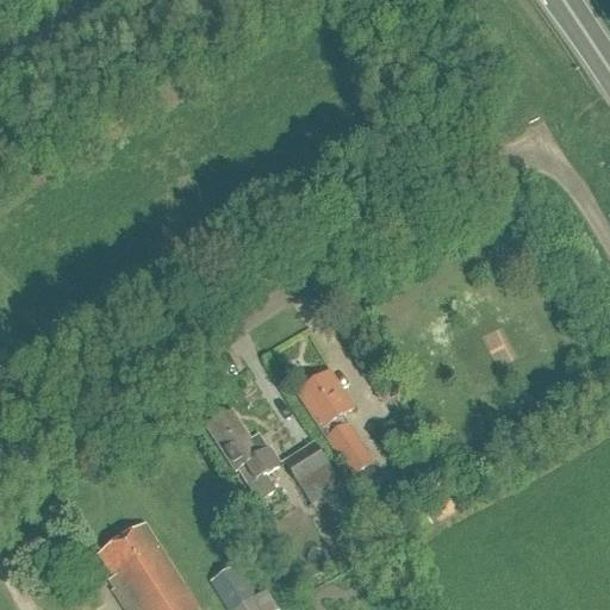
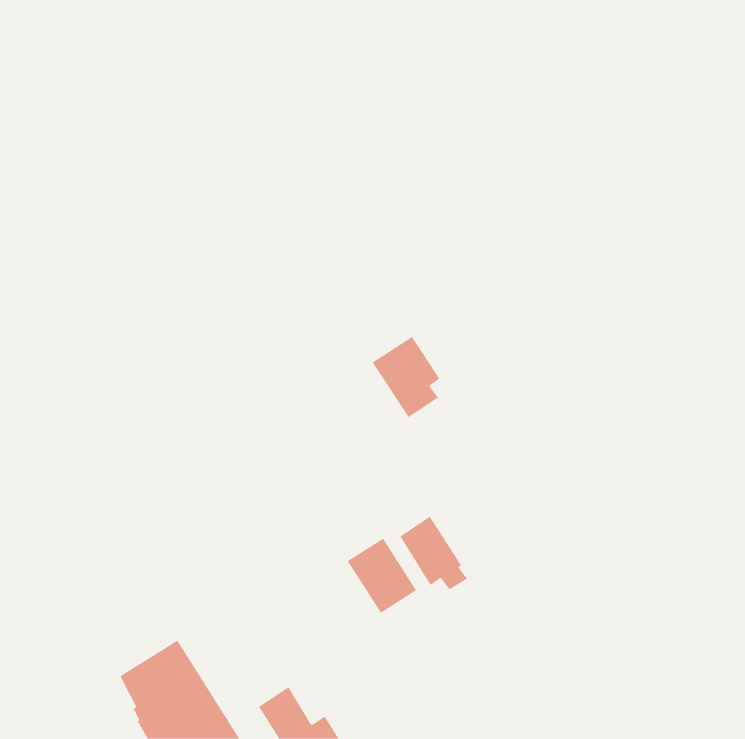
building: [297,372,353,438] -> [372,336,440,418]
building: [206,413,284,502] -> none

